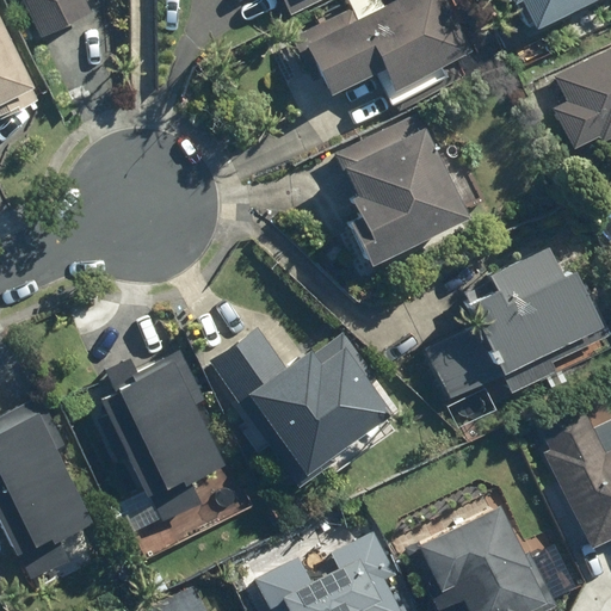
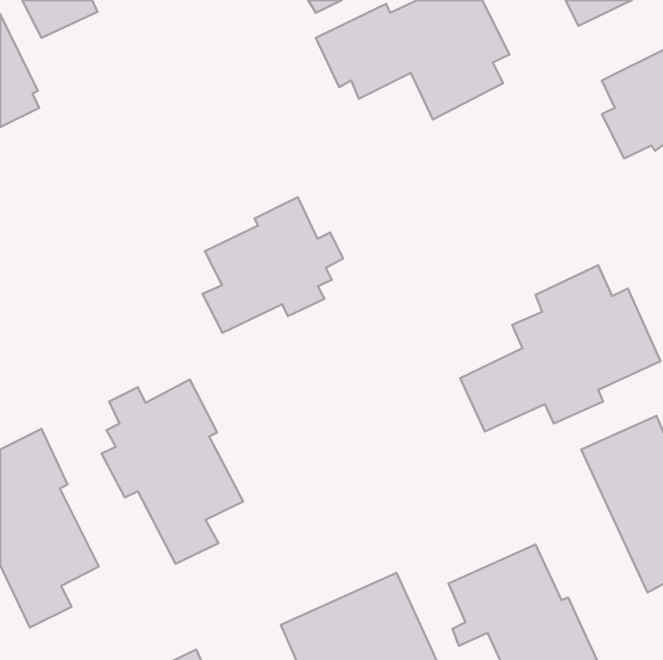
building: [334,115,467,266] -> none
building: none -> [202,197,343,333]
building: [209,328,394,487] -> none

